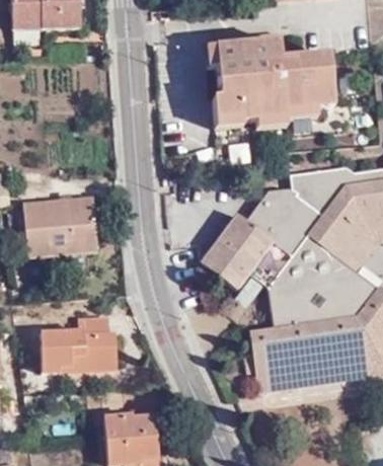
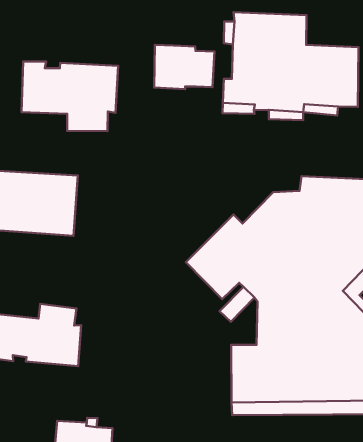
building: none -> [154,45,215,89]
building: none -> [22,61,118,131]

